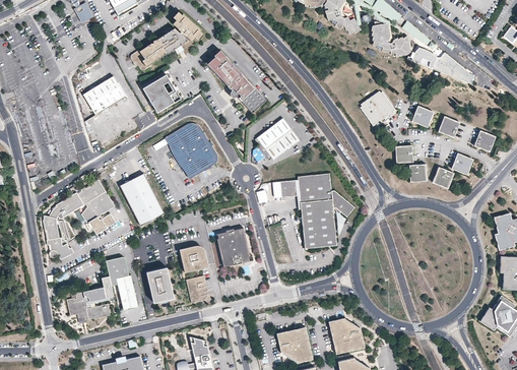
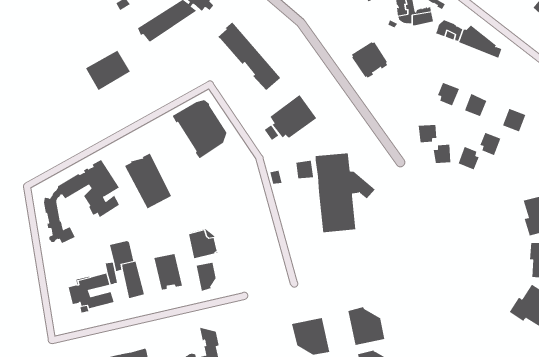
building: [142,73,181,112] -> none
building: [360,92,394,127] -> [351,41,388,78]
building: [217,228,250,266] -> none

